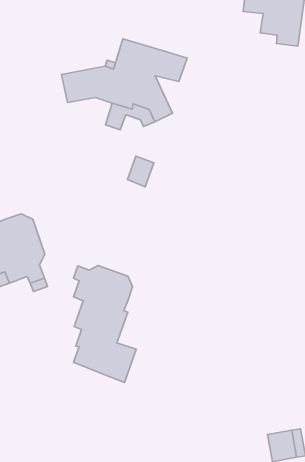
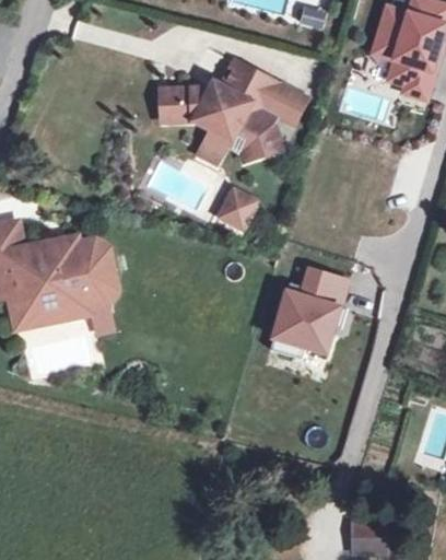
building: none -> [272,267,344,350]
building: [73,265,136,383] -> none

